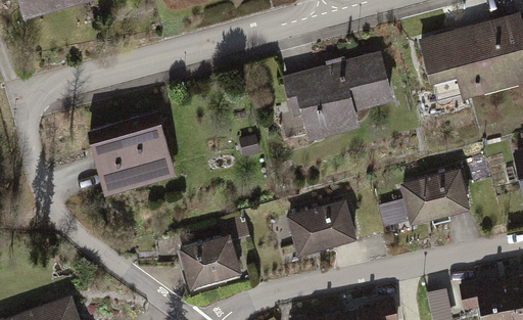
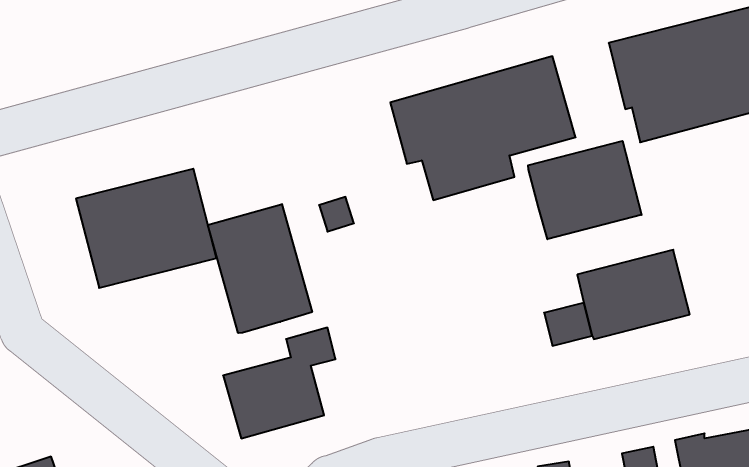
building: none -> [528,141,642,239]
building: none -> [208,204,312,333]
building: [287,199,356,255] -> none

